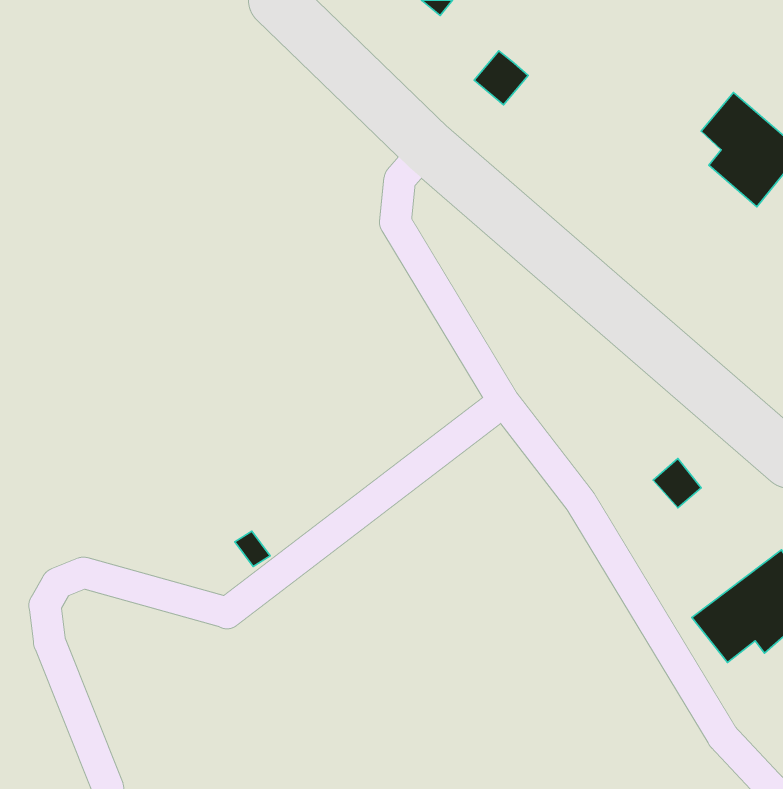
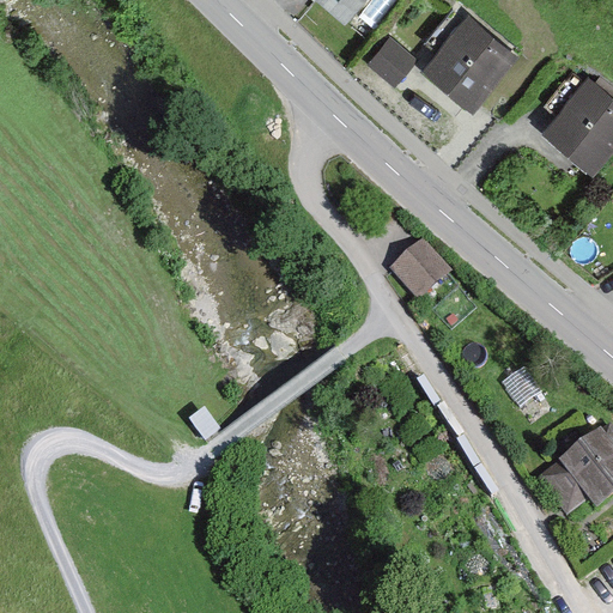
building: none -> [427,10,508,98]
building: none -> [395,245,448,298]

